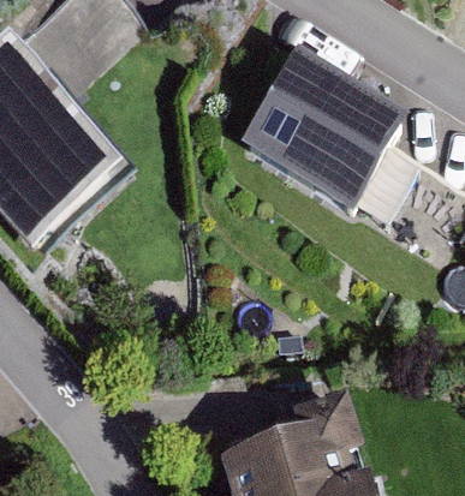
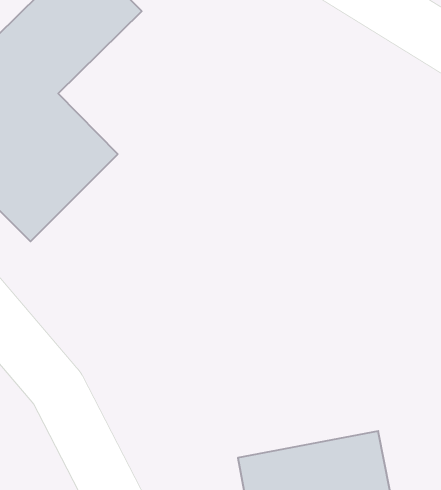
building: [236,53,410,219] -> none

